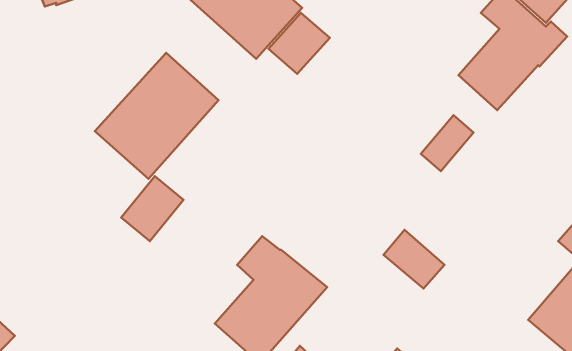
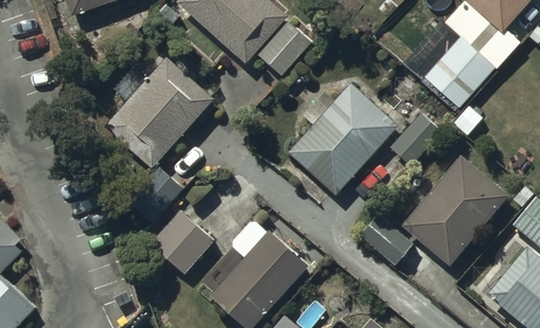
building: none -> [288,84,398,195]
building: none -> [403,155,507,267]
building: none -> [150,210,213,273]

